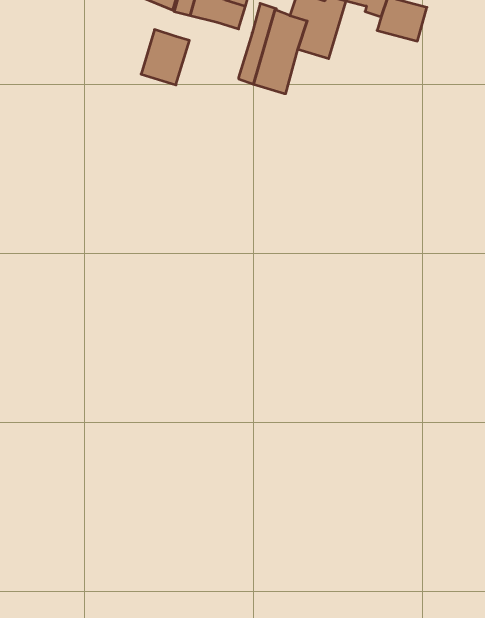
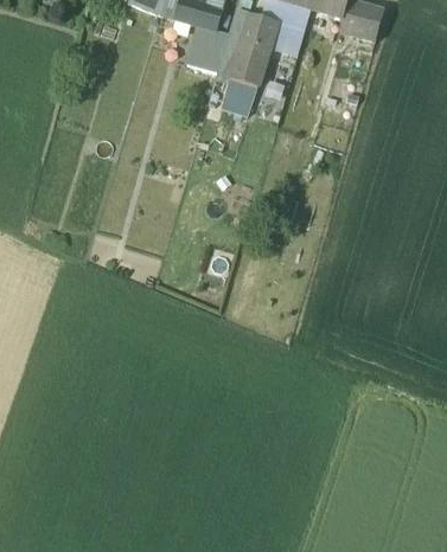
building: [141,30,189,85] -> [186,23,229,71]
building: none -> [222,77,257,114]

